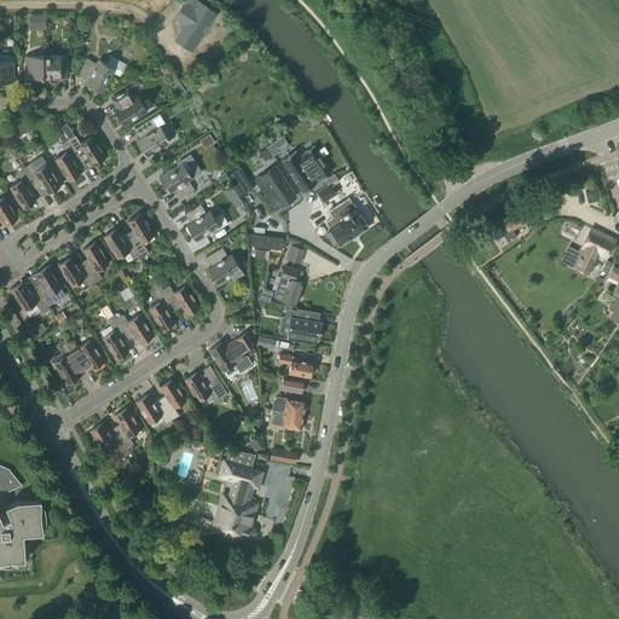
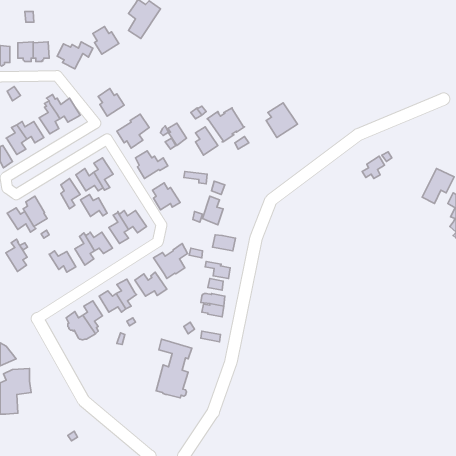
building: [111,89,146,127] -> [93,26,119,54]
building: [325,198,368,245] -> [266,103,297,138]
building: [58,258,94,288] -> [81,194,107,217]
building: [51,341,80,384] -> [6,239,27,271]

